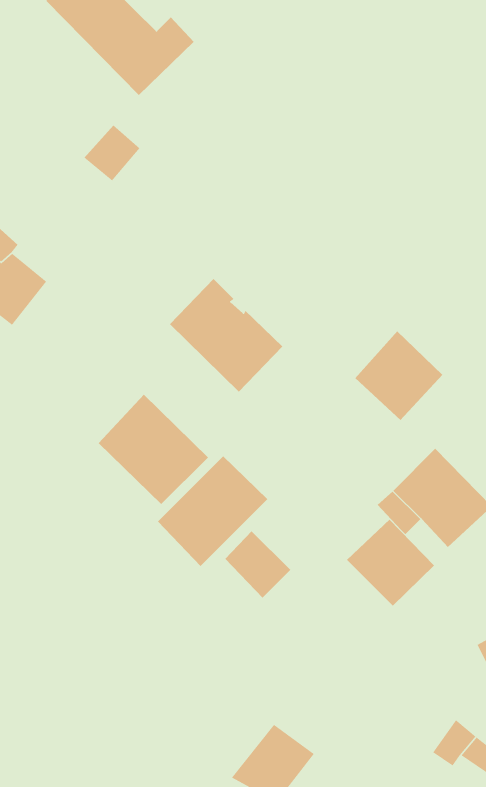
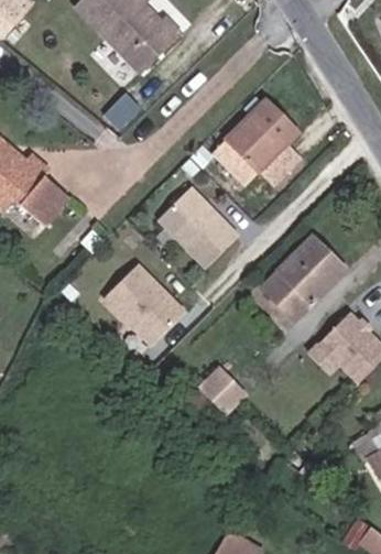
building: none -> [215,101,290,175]
building: none -> [269,265,319,315]
building: [157,455,268,567] -> none
building: [346,519,435,606] -> none

